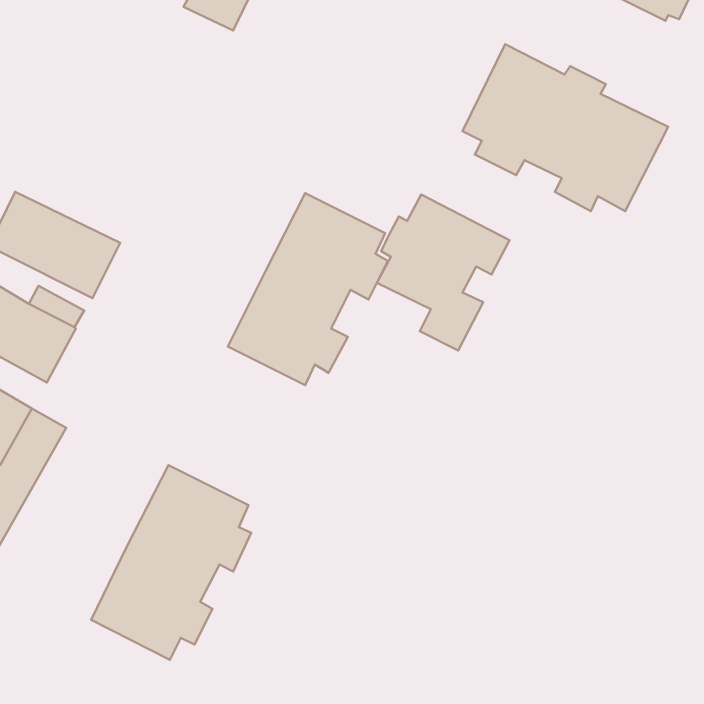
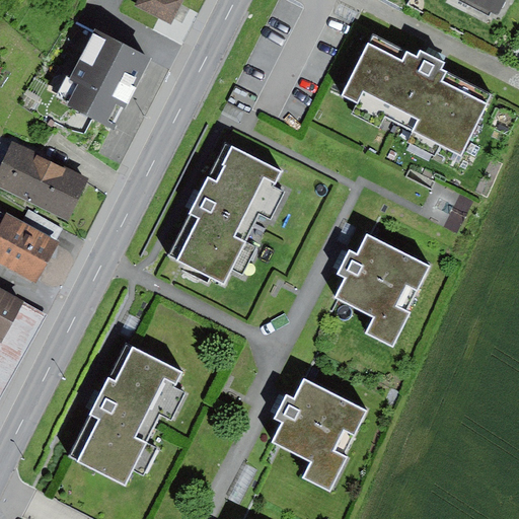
building: none -> [66,30,150,129]
building: [377,195,509,351] -> [333,232,431,347]
building: none -> [271,377,367,492]

